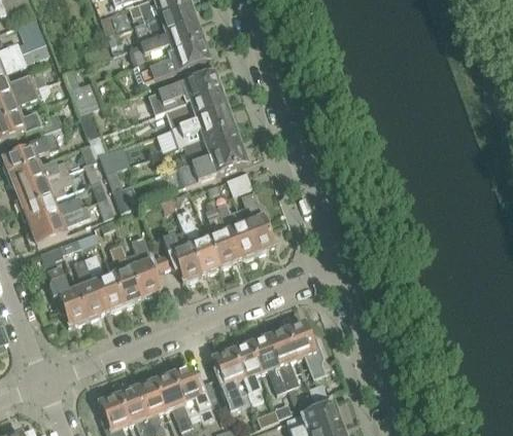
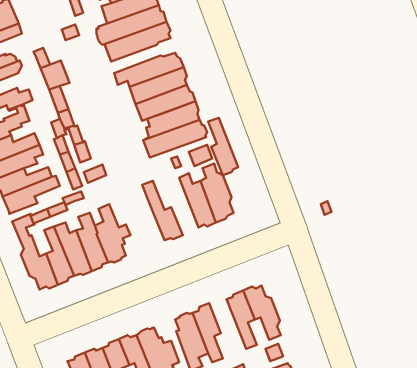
building: [205,207,237,267] -> [208,118,238,175]
building: [160,230,201,281] -> none
building: [248,335,287,393] -> none

